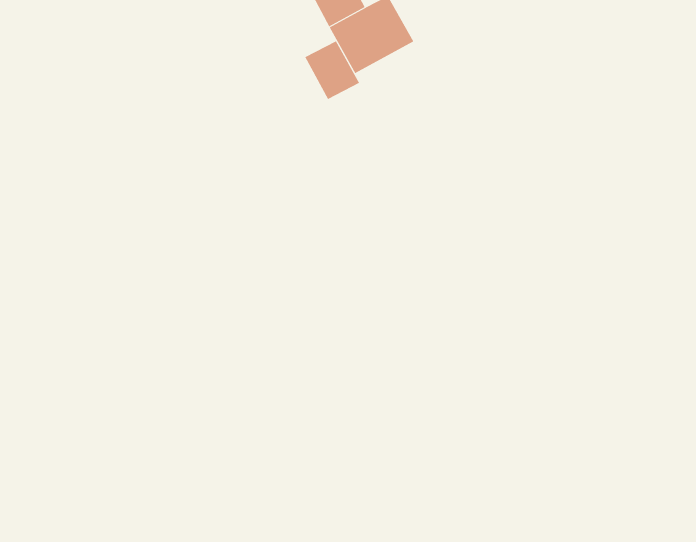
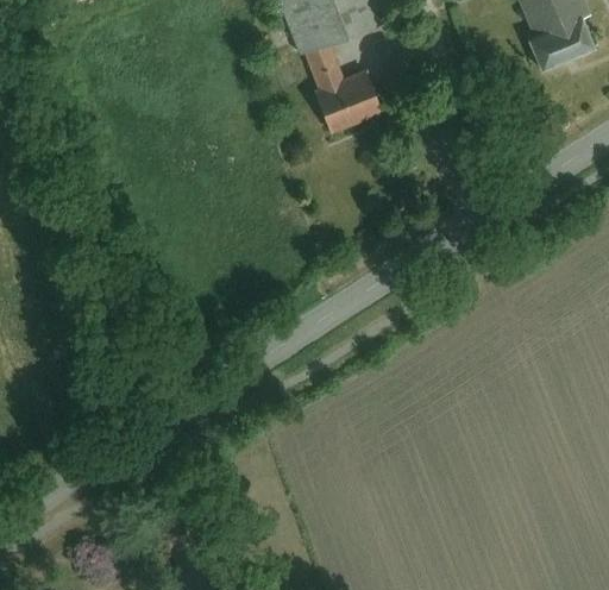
building: [305,40,360,100] -> none

